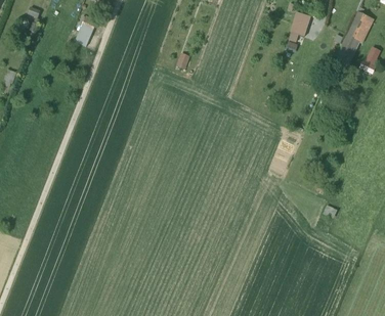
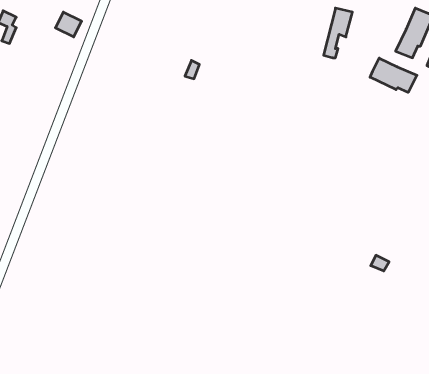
building: none -> [370,58,417,92]

